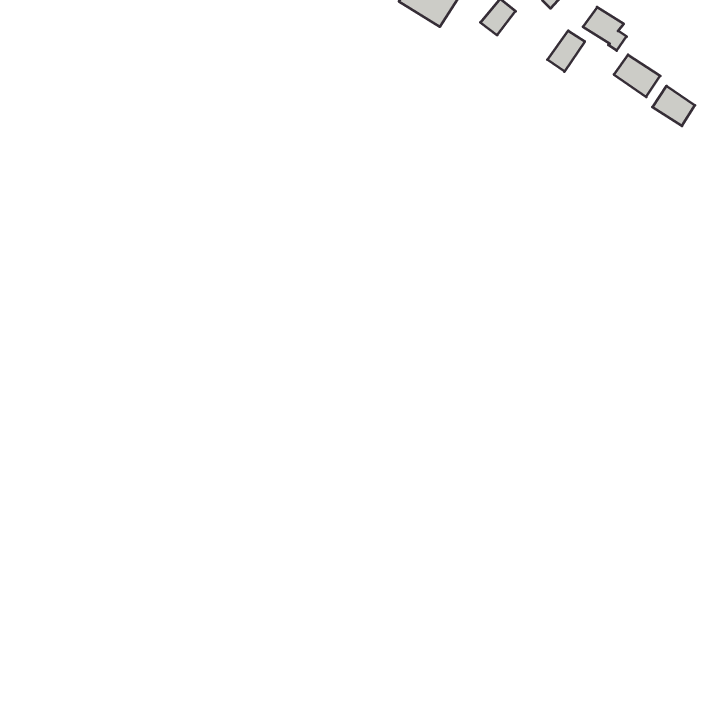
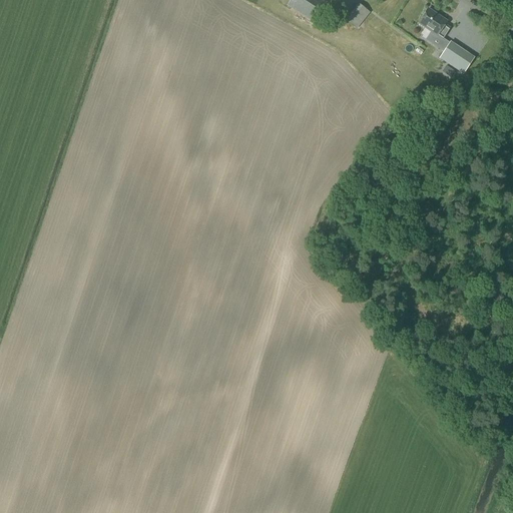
building: [547,31,585,72] -> none
building: [652,86,695,126] -> none

